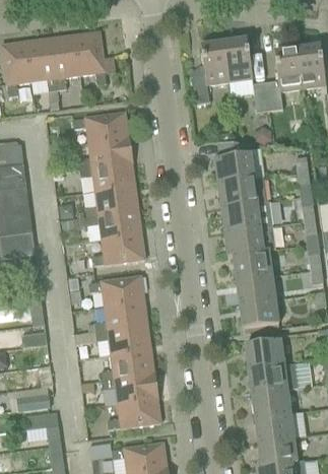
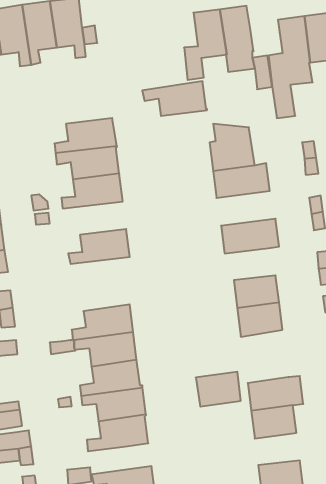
building: [72,112,129,142] -> [142,81,207,116]
building: [220,201,272,231] -> none
building: [85,210,141,240] -> none
building: [227,251,272,279] -> none
building: [88,276,144,307] -> none
building: [244,339,283,369] -> [196,372,241,407]
building: [254,413,293,442] -> none

